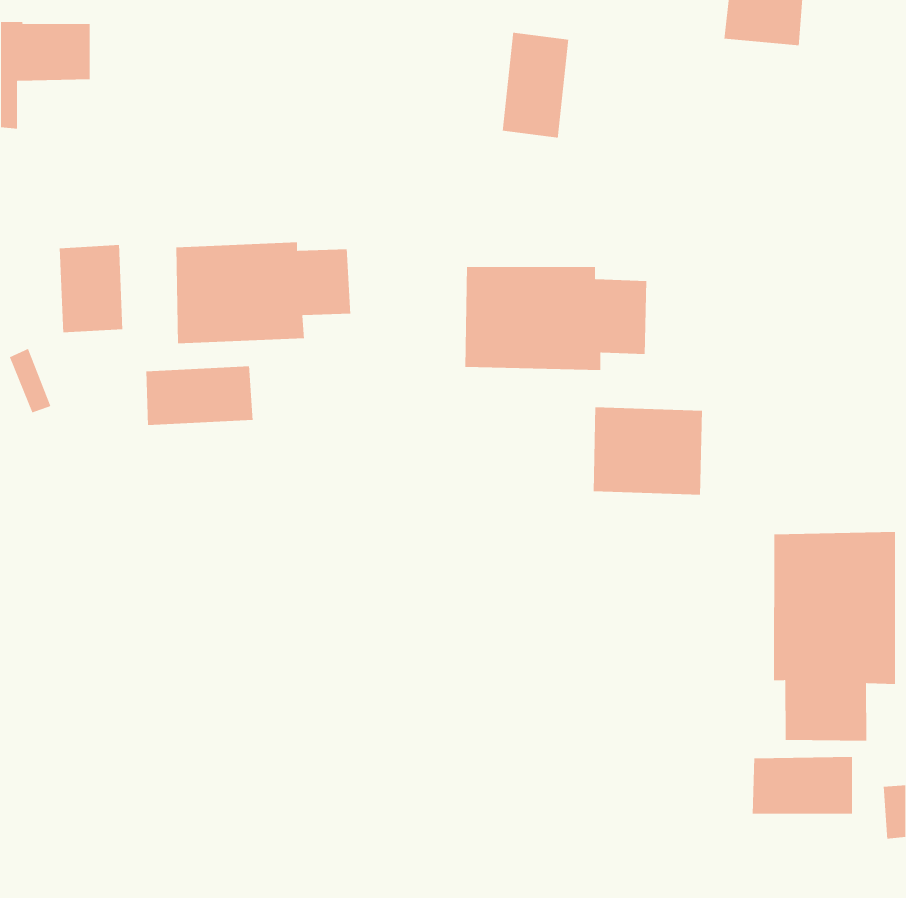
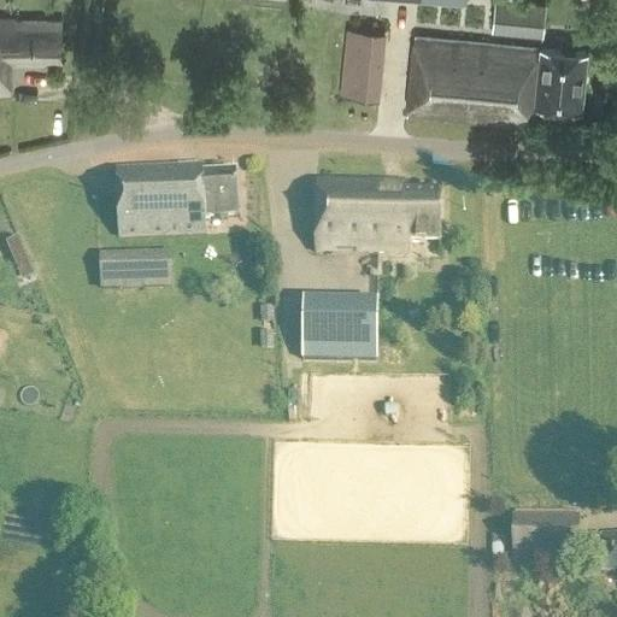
building: none -> [409,30,588,121]
building: [59,244,123,333] -> none
building: [593,407,703,495] -> [302,299,377,359]
building: [773,531,896,741] -> none

